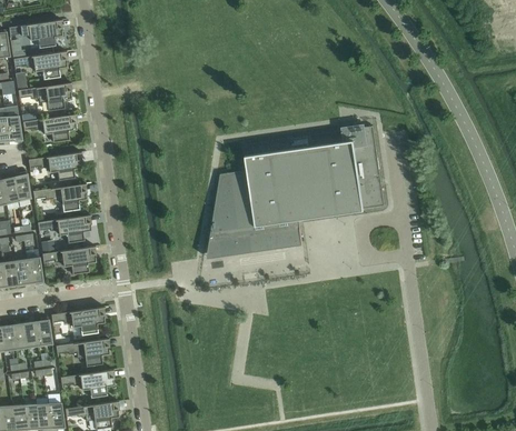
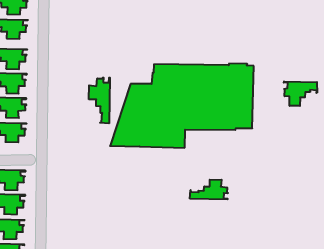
building: none -> [284,81,317,106]
building: none -> [89,78,110,123]
building: none -> [190,180,228,199]

